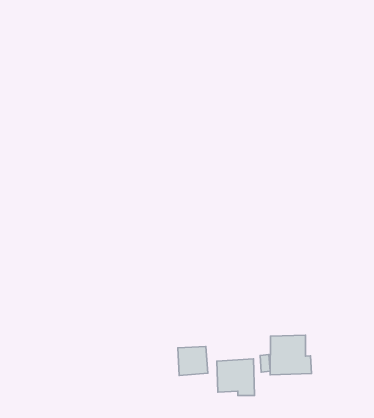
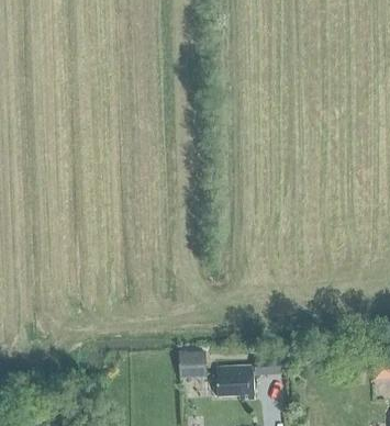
building: [270,335,312,375] -> none

